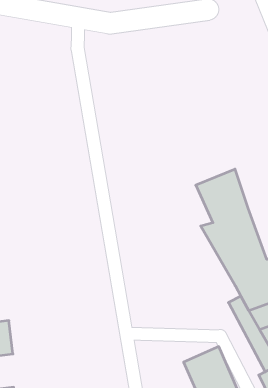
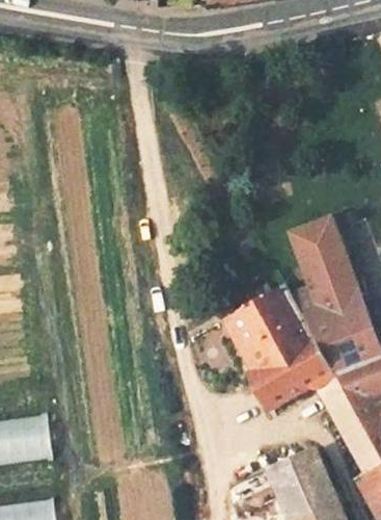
building: none -> [222,285,333,406]

